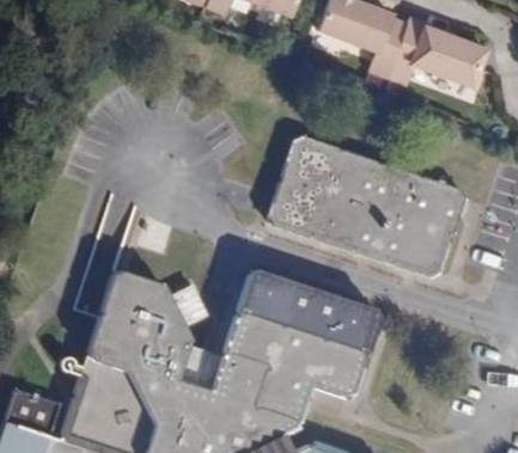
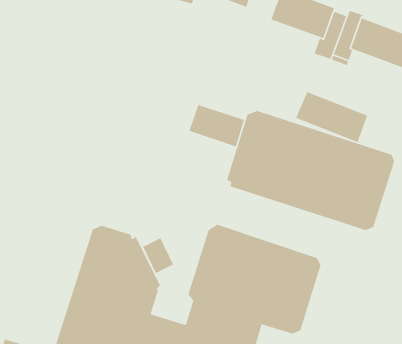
building: none -> [295,91,368,143]
building: none -> [188,104,245,147]
building: [181,347,228,386] -> none

